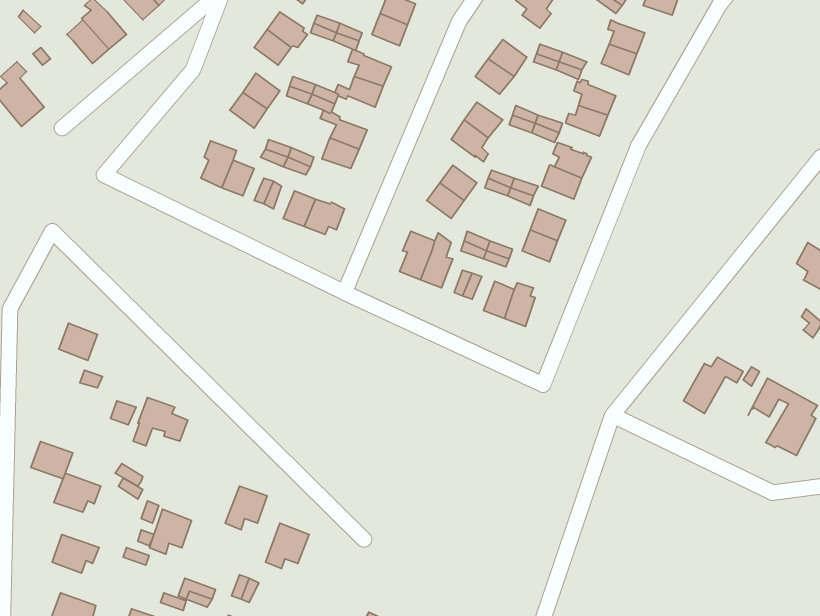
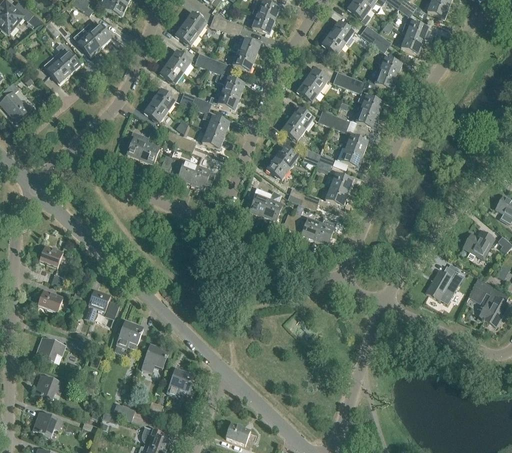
building: none -> [462,230,494,258]
building: [31,442,73,479] -> [37,289,63,312]
building: [150,509,192,554] -> [116,321,142,349]

